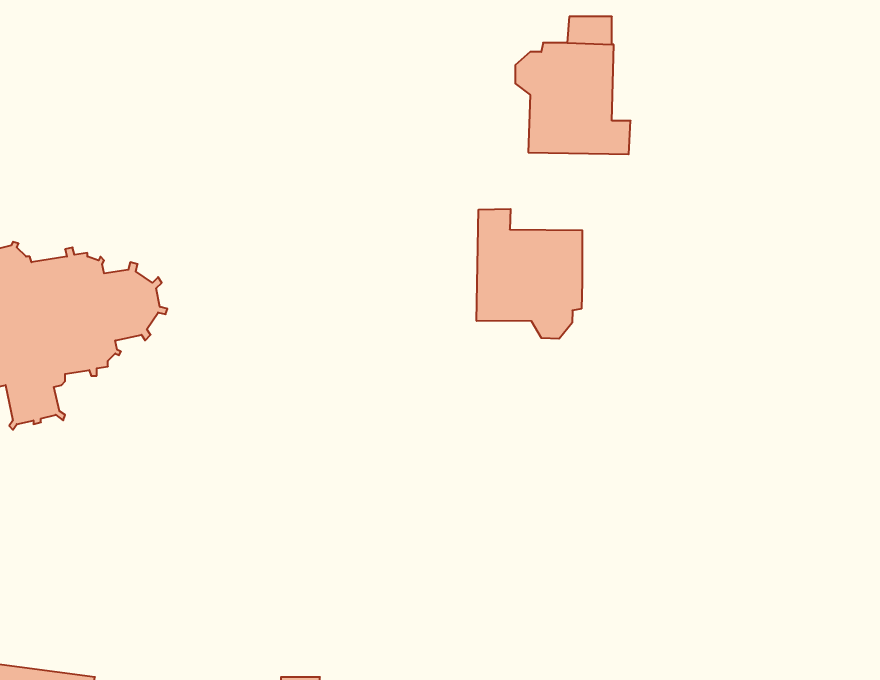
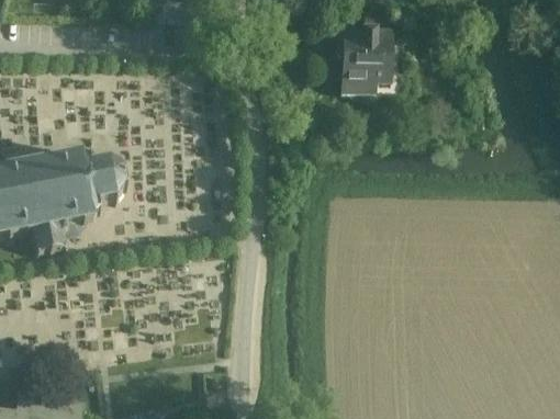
building: [477,209,582,339] -> none

